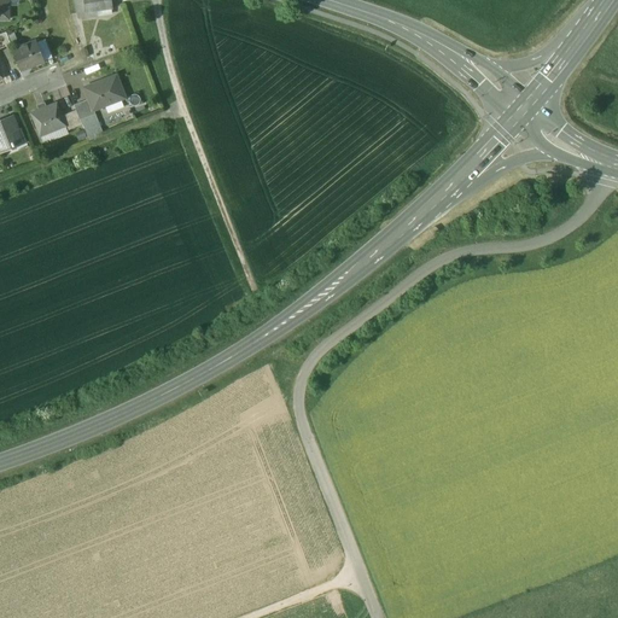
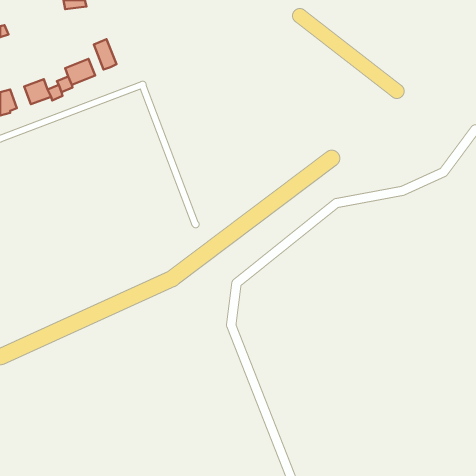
building: [12,41,45,71] -> none
building: none -> [94,39,117,69]

